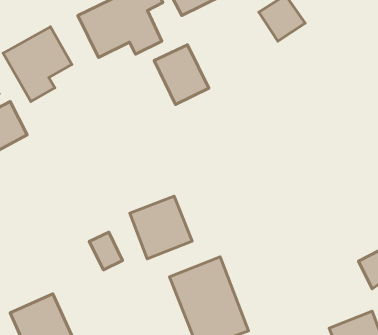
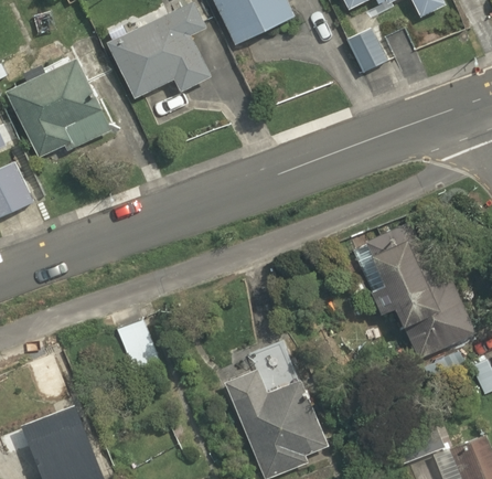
building: [154,45,209,105] -> none
building: none -> [367,236,474,362]
building: [130,196,192,259] -> none

